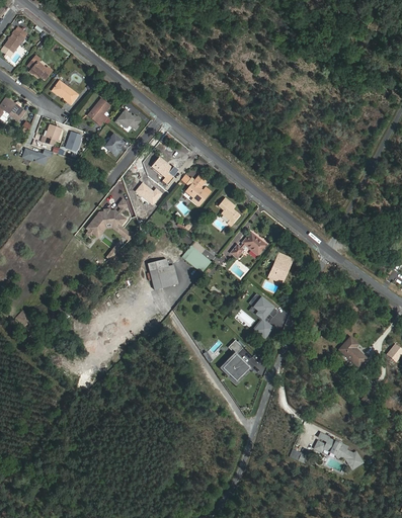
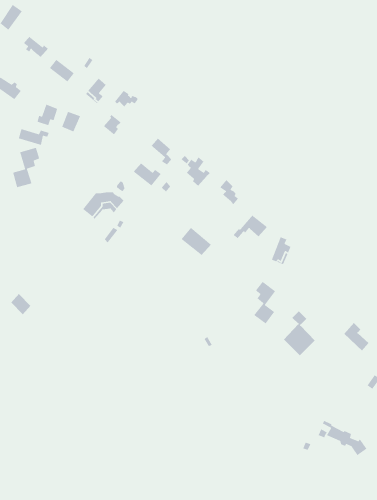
building: none -> [12,147,40,188]
building: [148,258,179,289] -> none
building: [220,339,251,383] -> [283,311,315,356]

